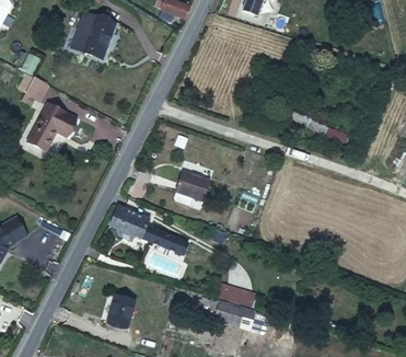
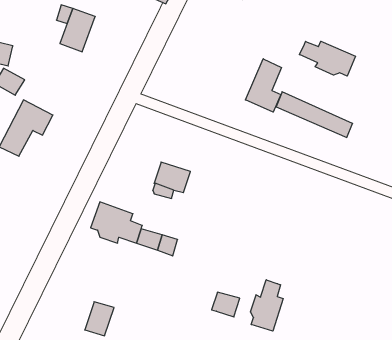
building: none -> [299,41,356,76]
building: none -> [245,59,282,112]
building: none -> [250,280,283,331]

